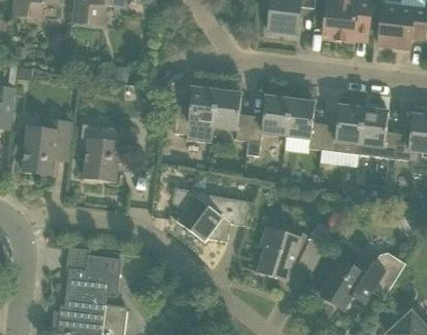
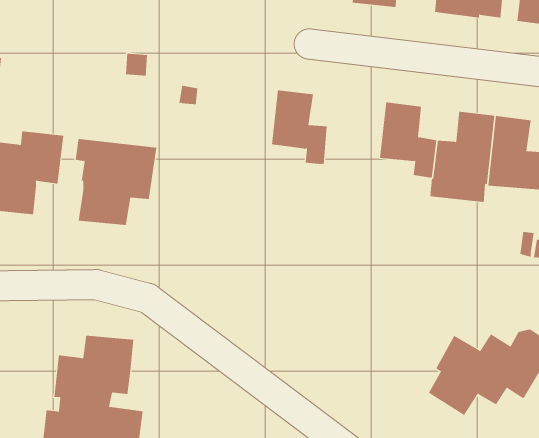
building: [173,86,217,142] -> none
building: [245,96,289,155] -> none
building: [176,189,251,240] -> none
building: [258,210,339,280] -> none

